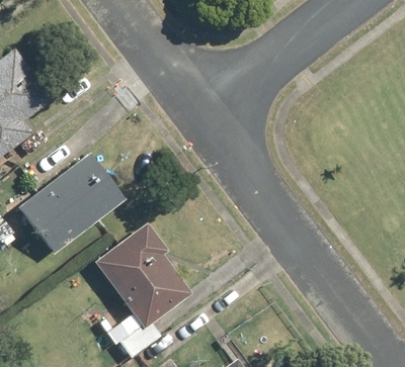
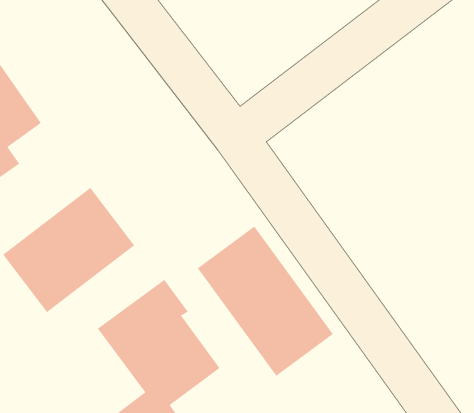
building: none -> [197,226,334,377]

